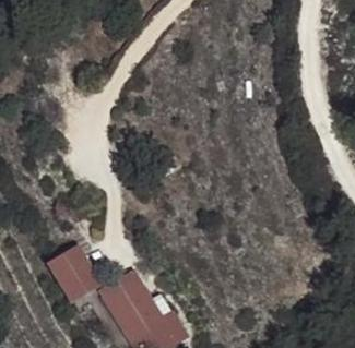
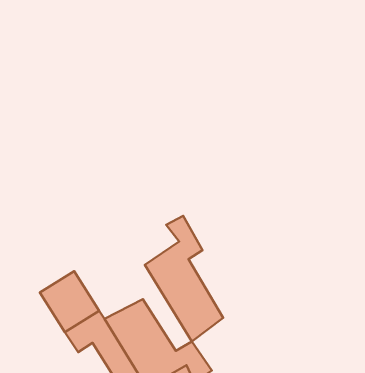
building: none -> [145,216,223,341]

